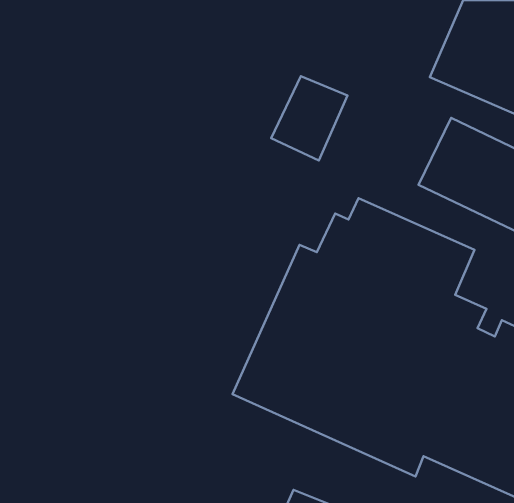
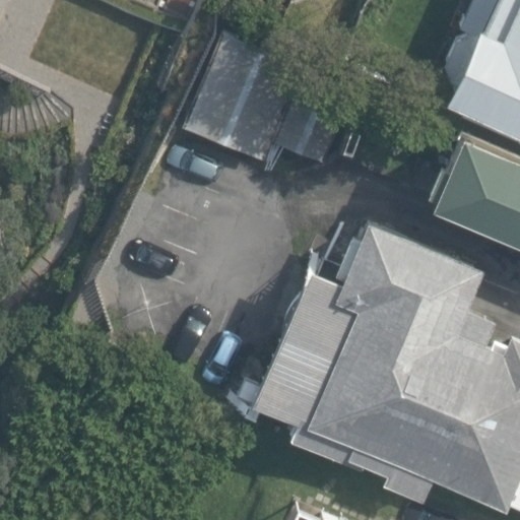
building: none -> [197,52,307,171]

